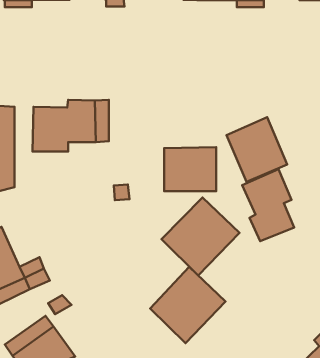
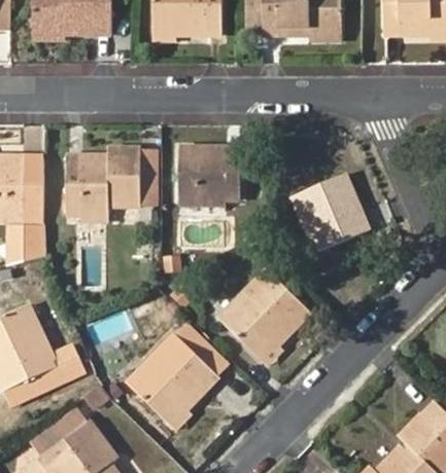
building: [164,147,216,191] -> [178,146,240,198]
building: [242,169,294,241] -> none
building: [150,267,226,343] -> [129,333,218,424]

